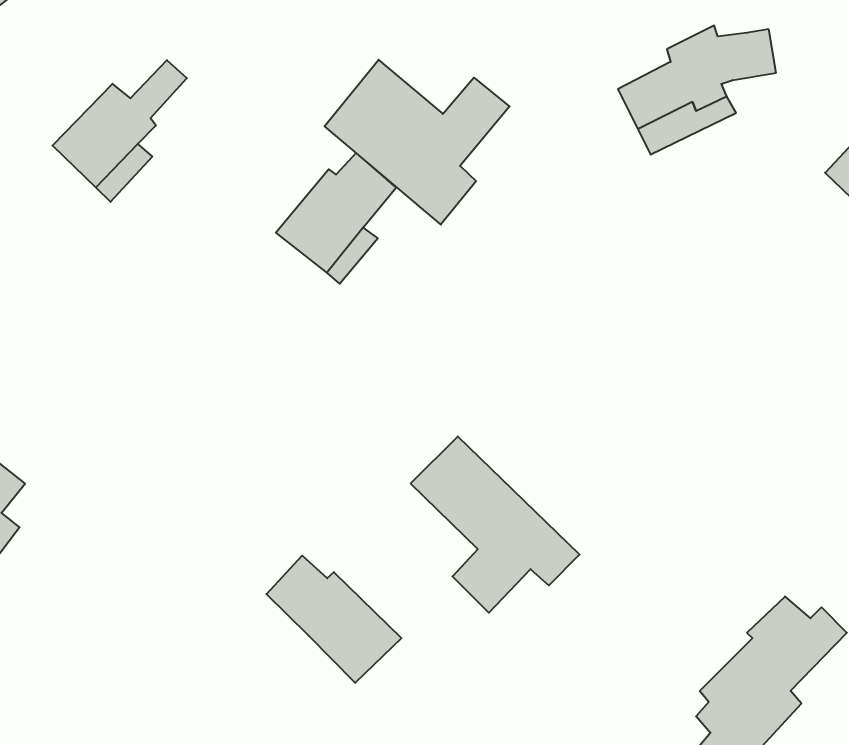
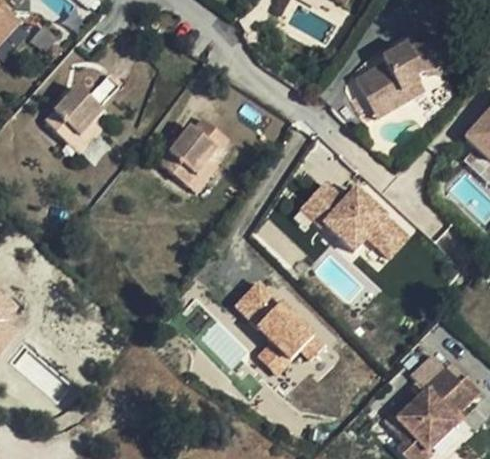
building: [325,60,510,225] -> none
building: none -> [293,178,412,260]
building: [266,556,401,683] -> none

